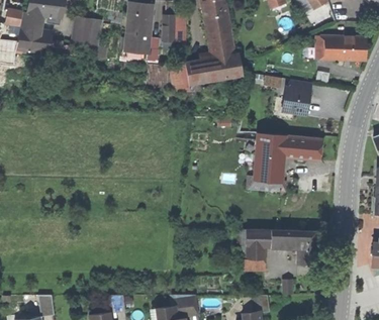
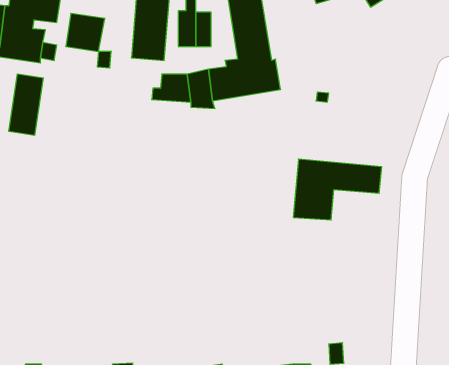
building: [315,35,366,63] -> none
building: none -> [9,74,43,135]
building: [281,81,310,115] -> none
building: [244,230,311,265] -> none

